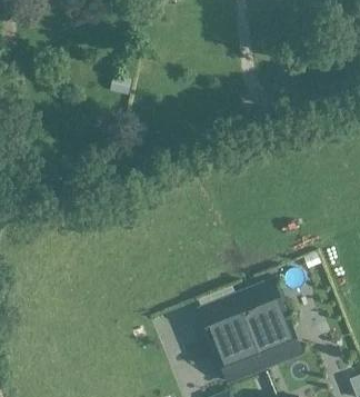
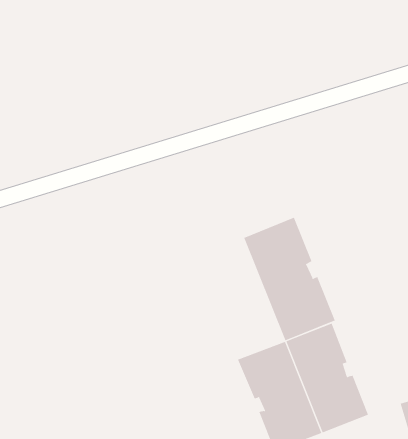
building: none -> [244,217,336,341]

